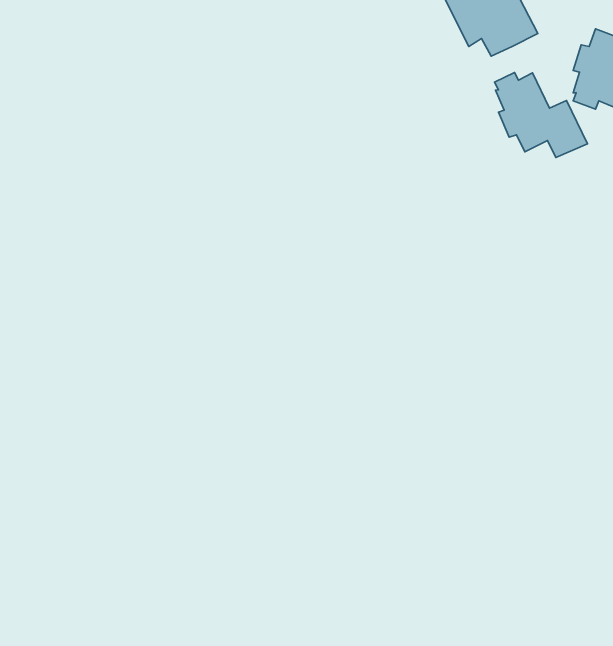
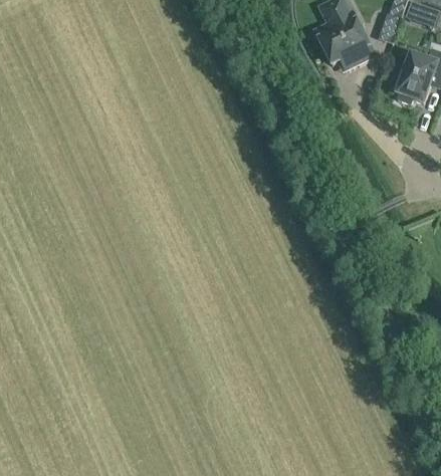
building: [494,73,587,158] -> none

